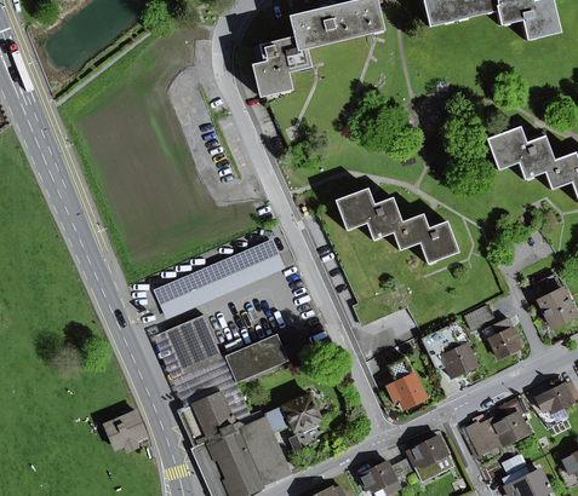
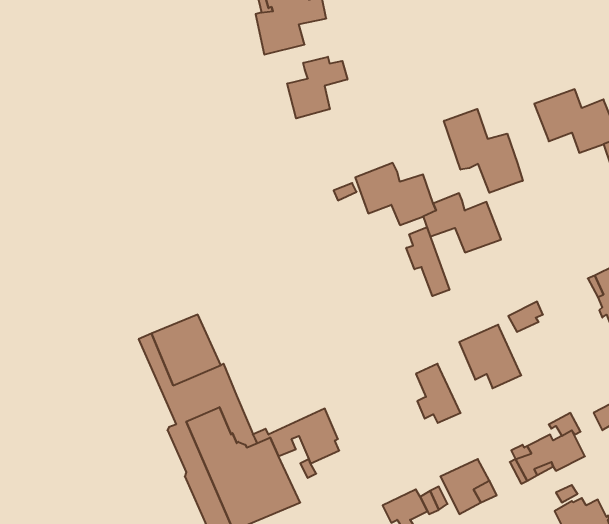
building: none -> [287,57,347,118]
building: none -> [444,109,523,193]
building: [153,238,285,318] -> none
building: none -> [406,227,449,296]
building: [486,317,519,357] -> none
building: [224,333,288,382] -> none
building: [105,411,147,450] -> none

